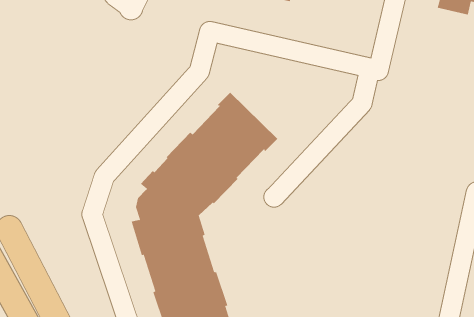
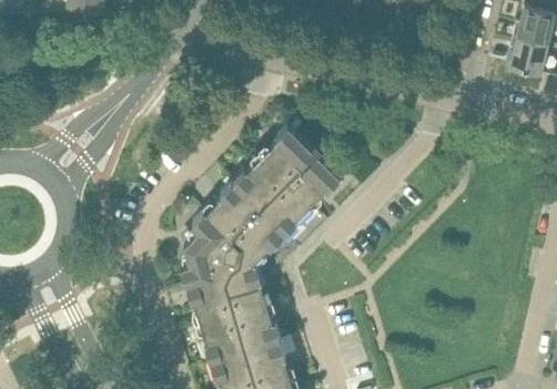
building: none -> [509,34,547,73]

